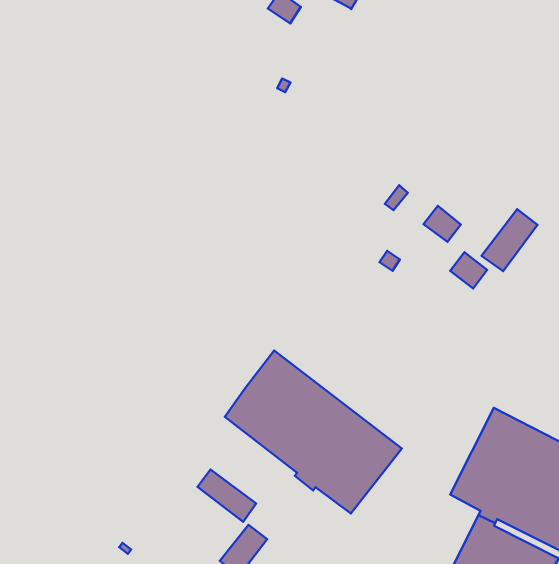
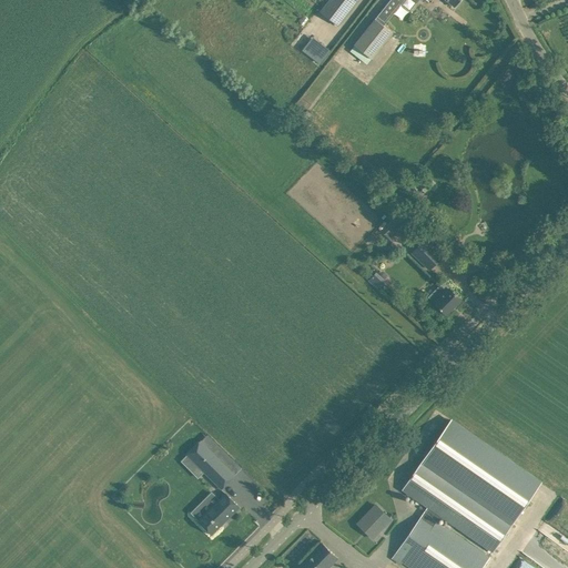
building: [481,209,537,271] -> none
building: [225,350,402,513] -> none
building: none -> [356,505,386,538]

